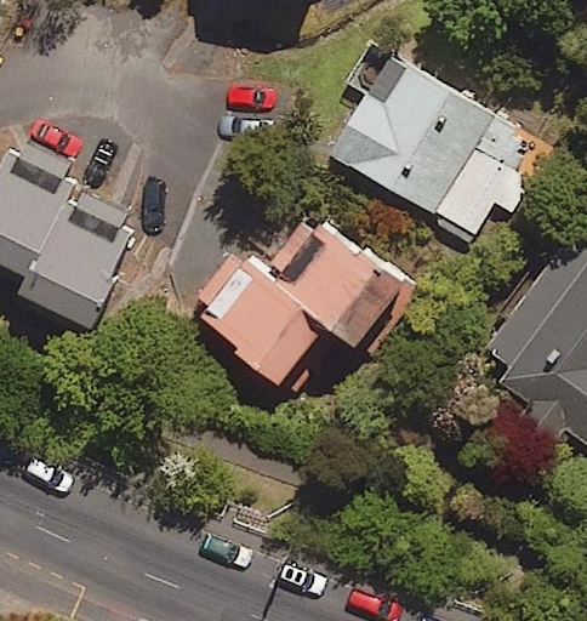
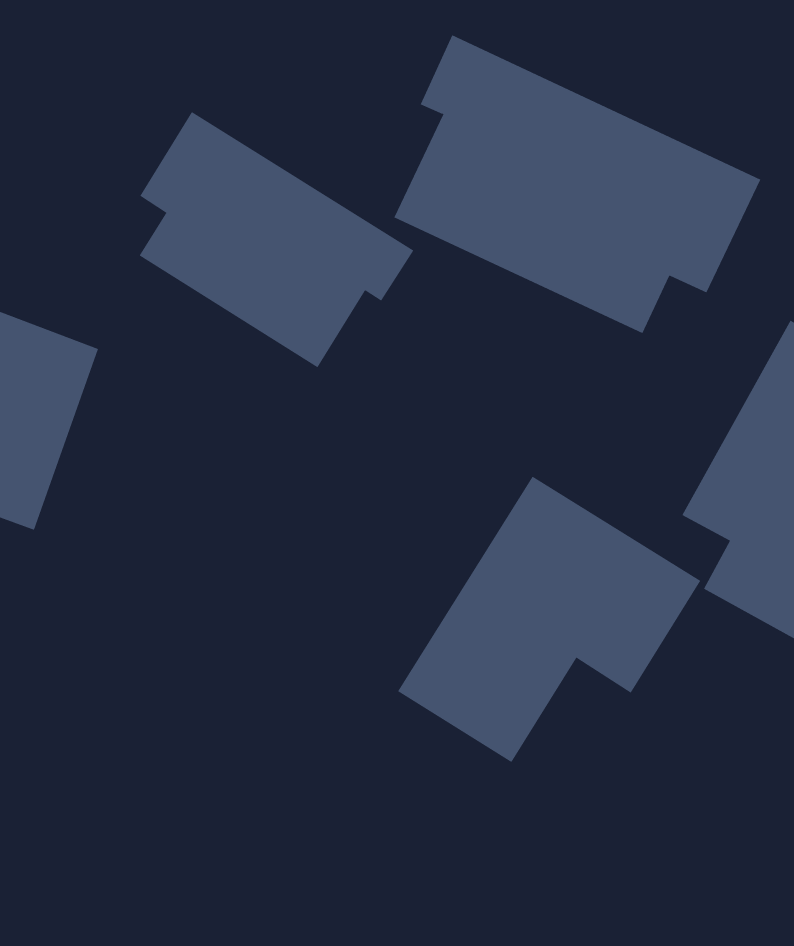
building: none -> [139,111,414,368]
building: [213,211,405,386] -> [397,476,701,763]

